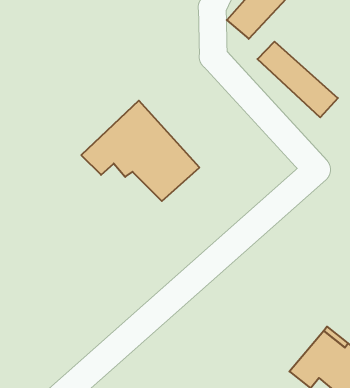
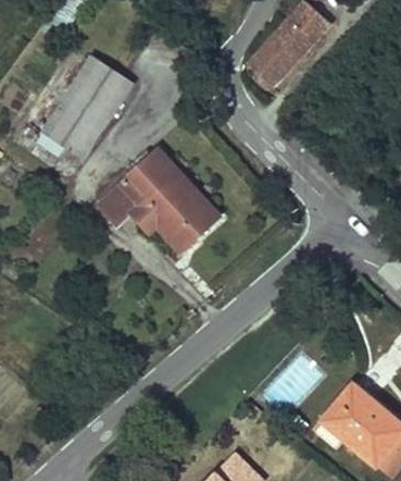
building: none -> [45,58,134,157]
building: [257,42,338,117] -> none

